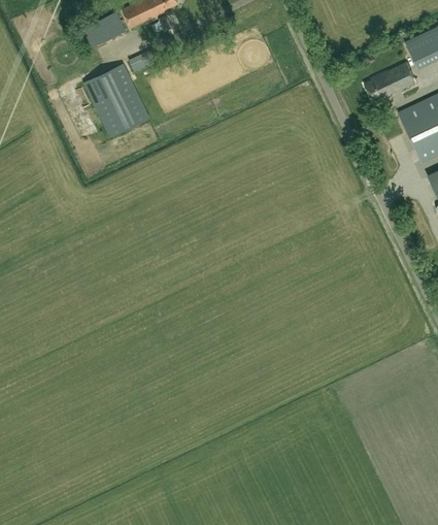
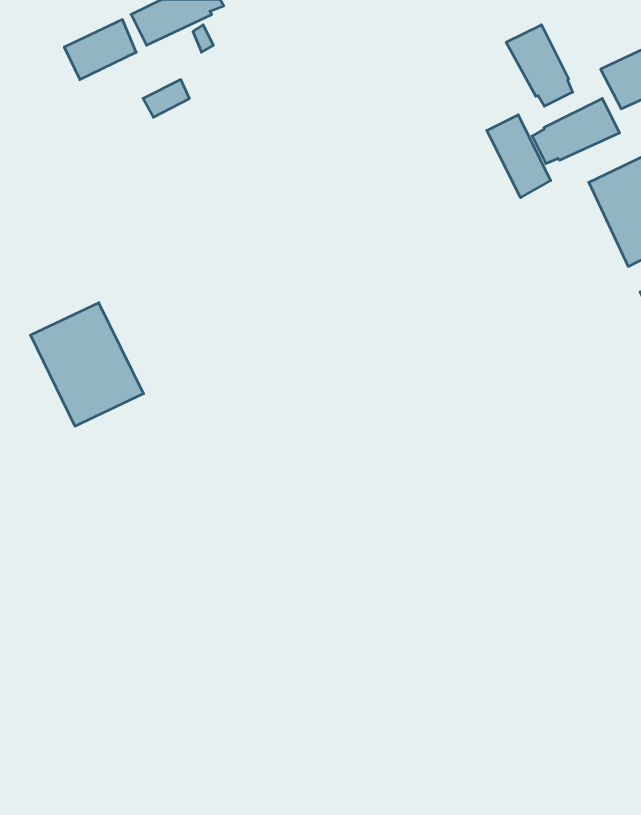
building: none -> [506,25,573,106]
building: [83,63,151,137] -> [30,303,144,426]
building: none -> [487,115,551,198]

